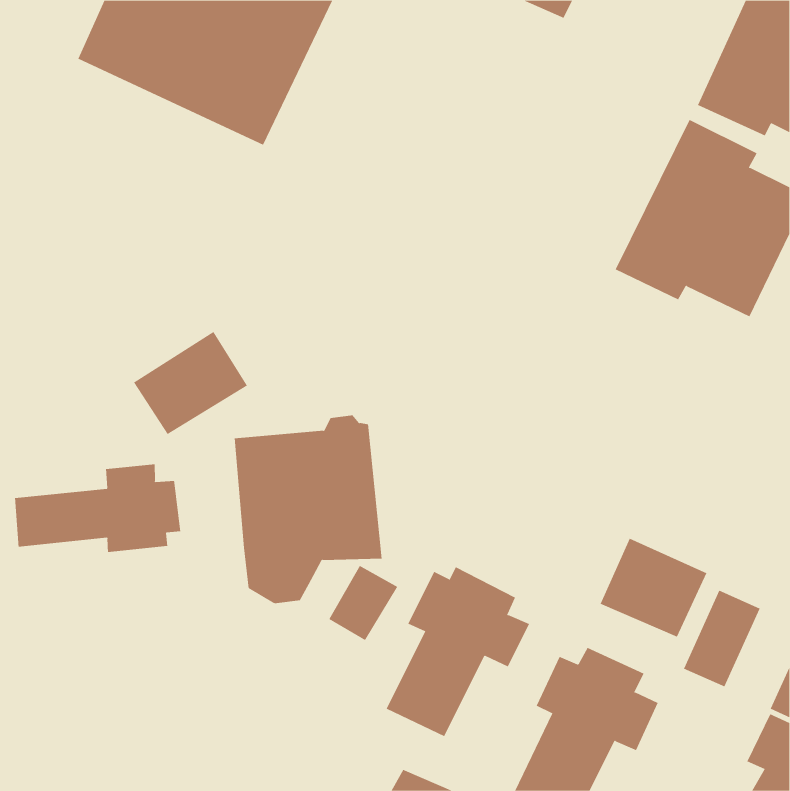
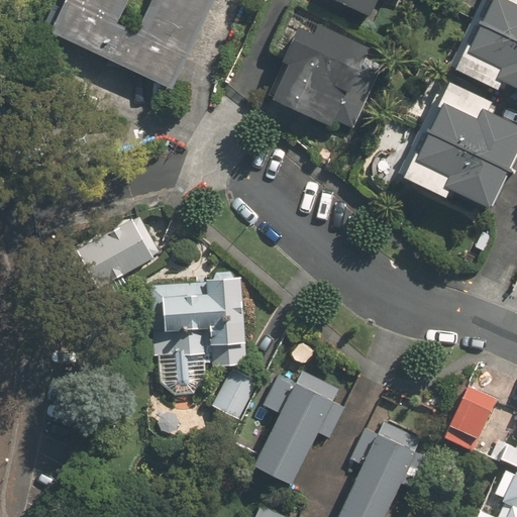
building: none -> [273,21,381,129]
building: [15,463,181,553] -> none
building: [600,538,707,637] -> none

